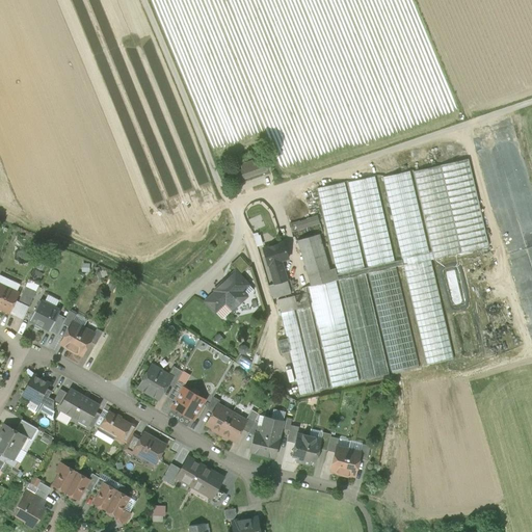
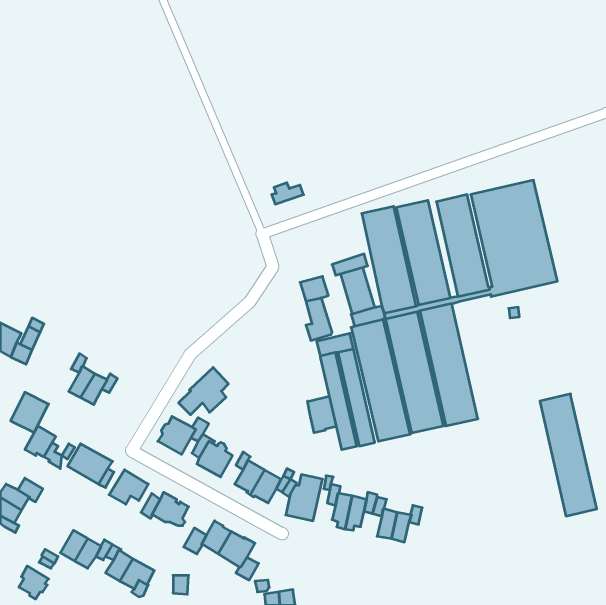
building: [403,258,453,365] -> [540,394,597,516]
building: [205,270,248,312] -> [179,367,228,415]
building: [31,301,64,337] -> [11,392,49,433]
building: none -> [308,396,336,433]

